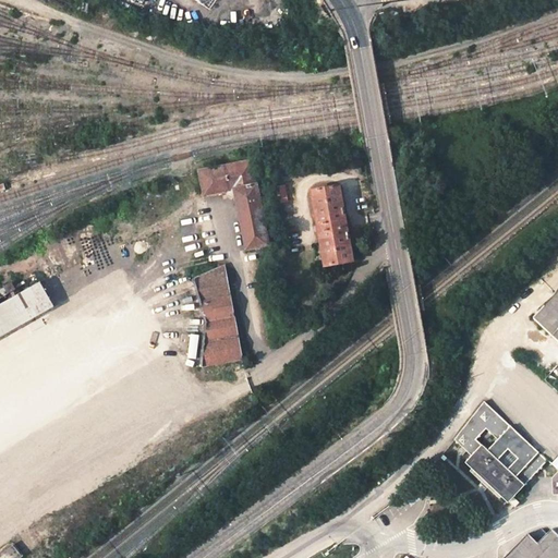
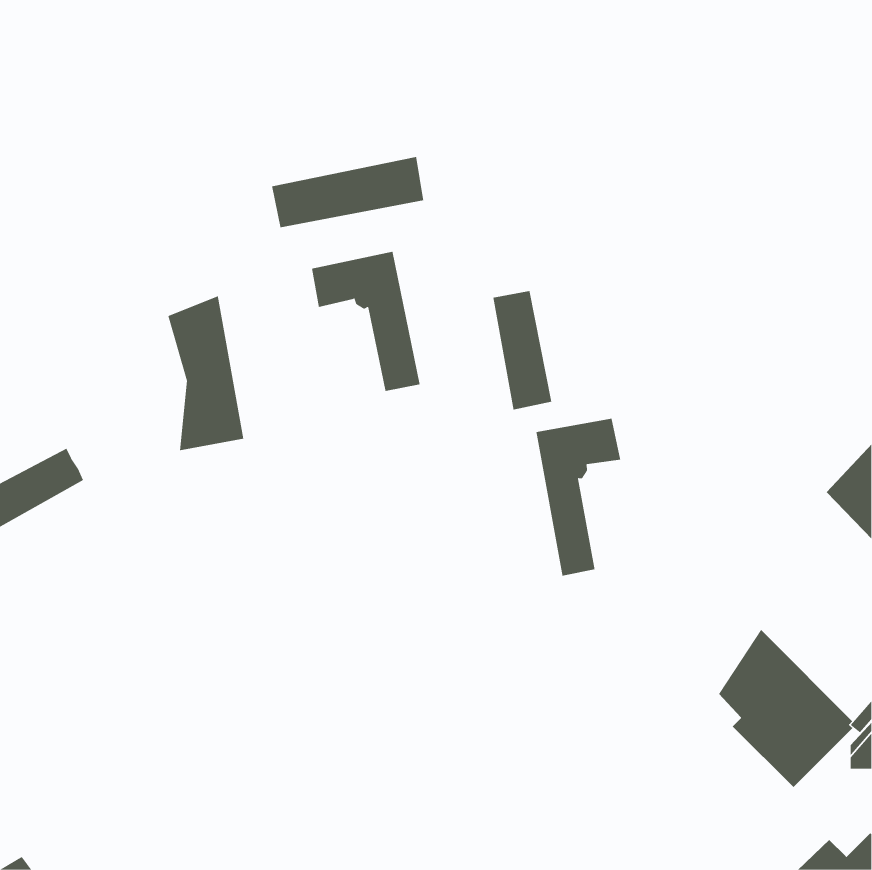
building: none -> [272,156,424,228]
building: [191,266,240,365] -> [167,295,244,451]
building: none -> [536,418,621,577]

